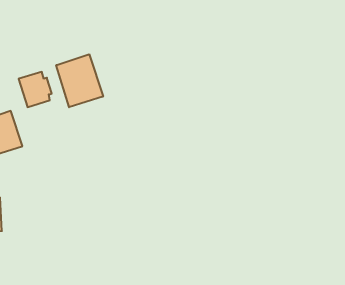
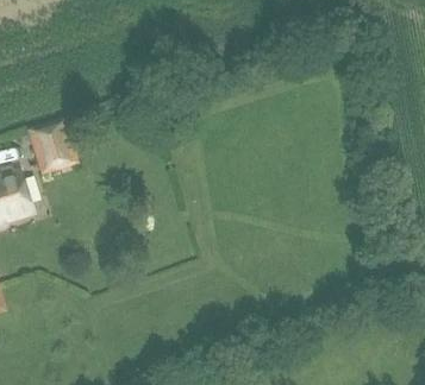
building: [56,54,103,107] -> none

